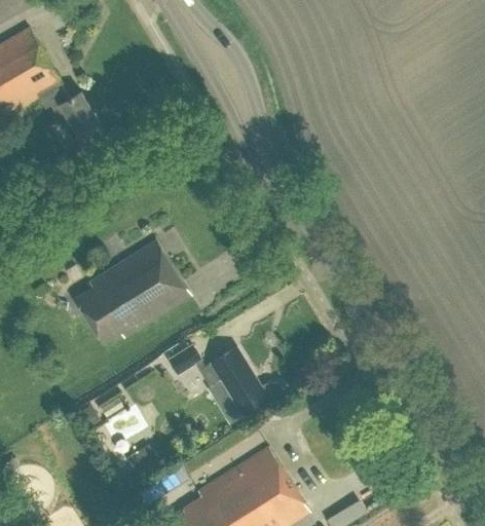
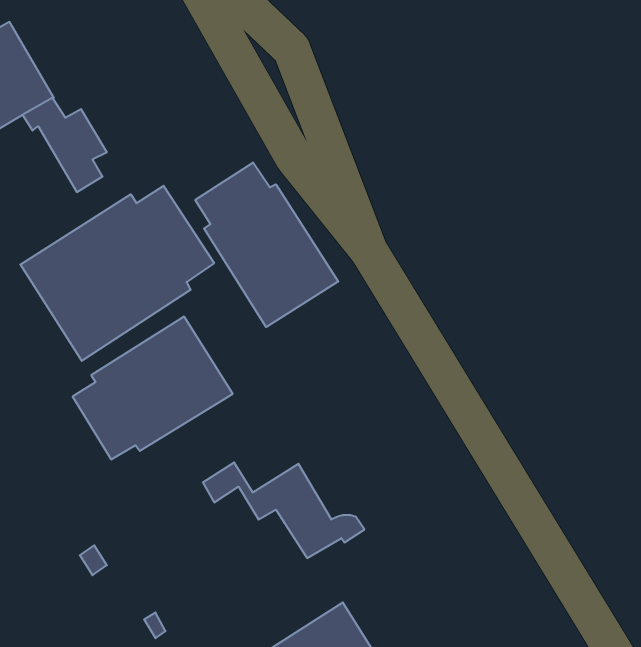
building: none -> [195,162,338,327]
building: none -> [20,186,214,361]

